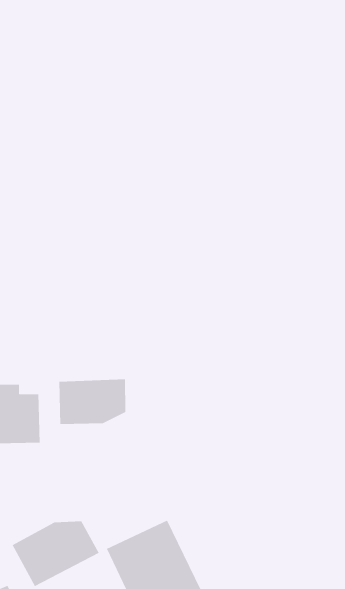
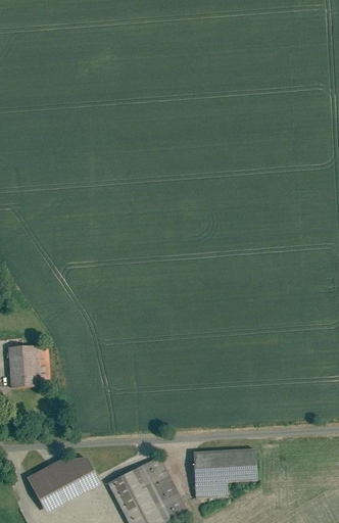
building: [59,378,126,425] -> none
building: none -> [191,447,255,493]

